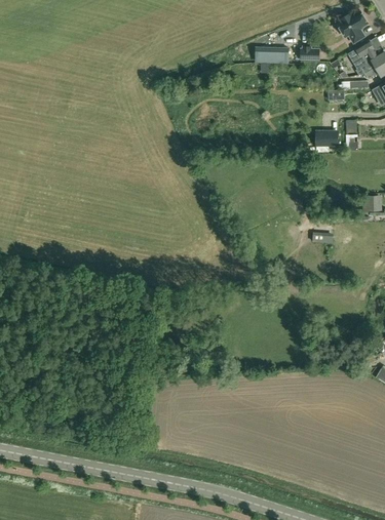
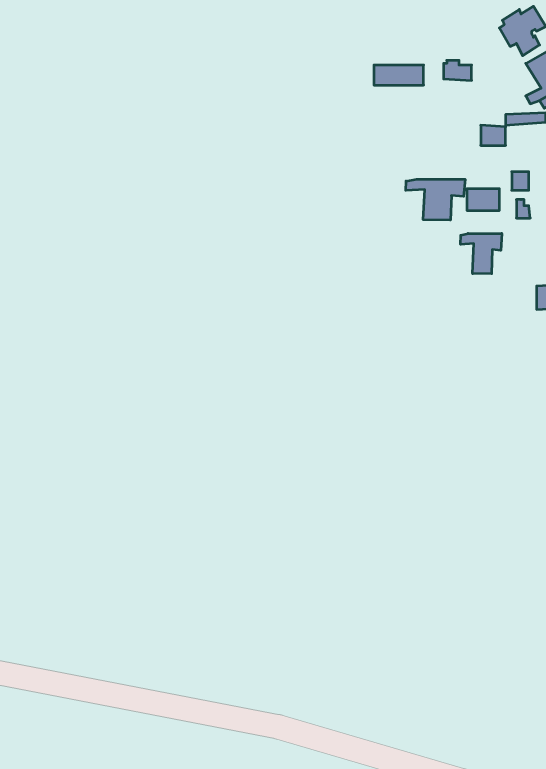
building: none -> [406,179,465,220]
building: none -> [461,233,502,274]

